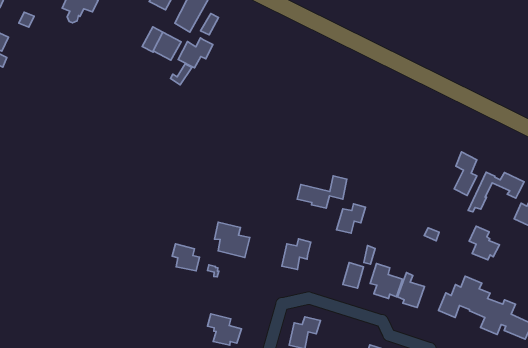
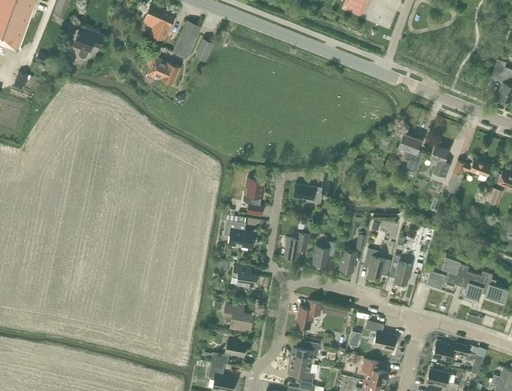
building: [178,38,213,68] -> none
building: none -> [398,134,422,177]
building: none -> [242,178,264,217]
building: [336,204,366,233] -> [312,241,336,267]
building: [469,226,500,260] -> none
building: [172,244,200,271] -> [232,266,256,288]

